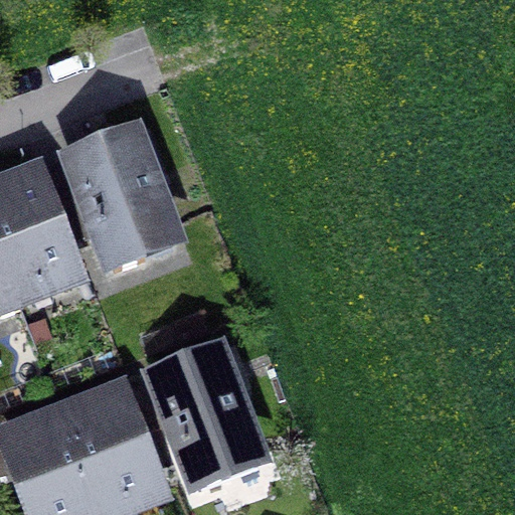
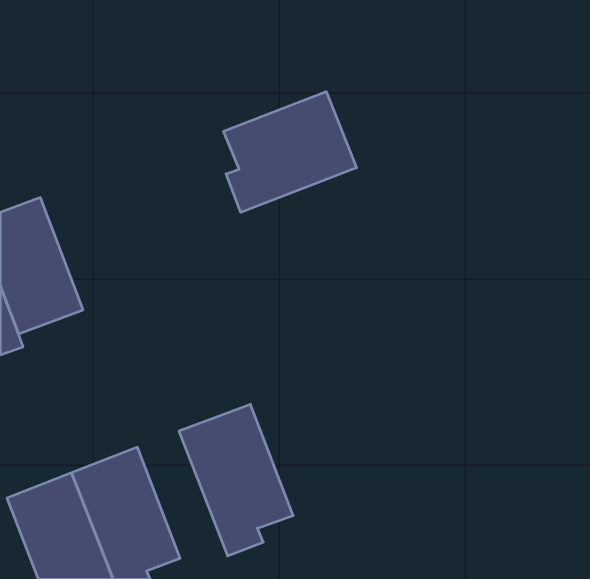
building: none -> [224,92,357,212]
building: [72,134,171,266] -> none

